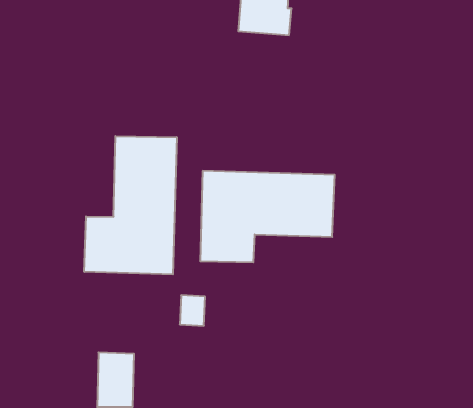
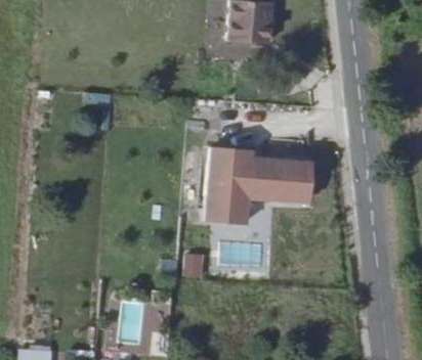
building: [84,136,177,274] -> none

